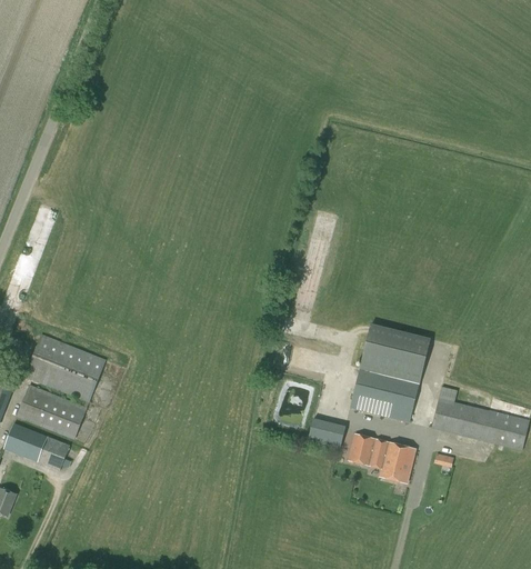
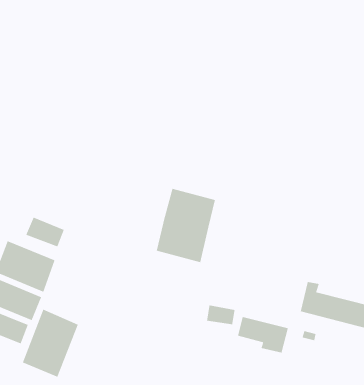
building: none -> [25,217,65,247]
building: [350,323,430,423] -> [156,188,216,263]
building: none -> [22,309,79,378]

